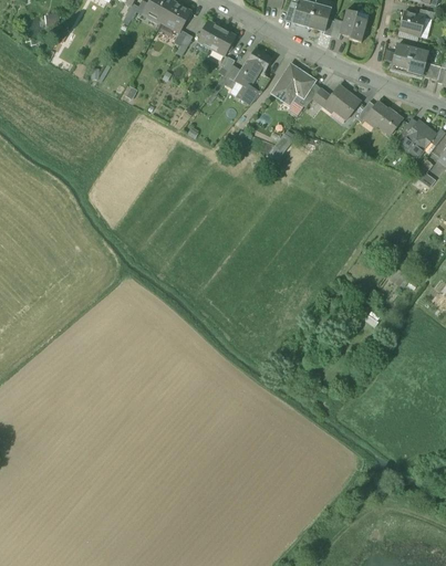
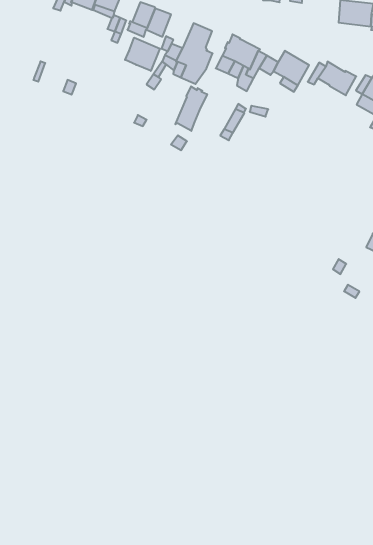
building: none -> [125,38,160,71]
building: none -> [175,86,207,131]

